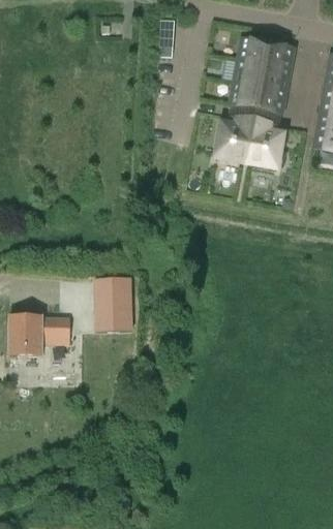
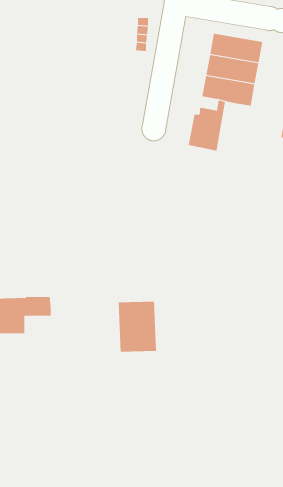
building: [246,110,282,167] -> none
building: [92,277,133,331] -> [118,301,157,352]

